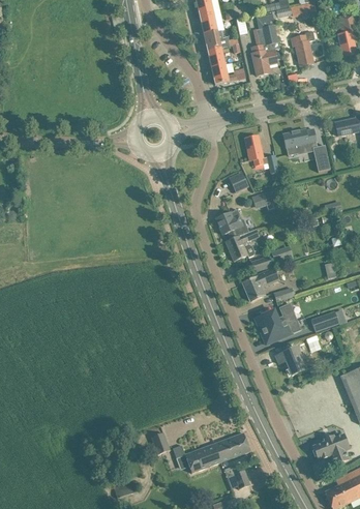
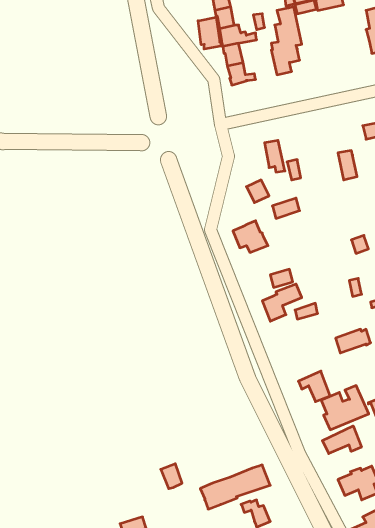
building: none -> [198,17,221,49]
building: [291,31,314,65] -> none
building: [282,128,317,155] -> none
building: [226,229,260,261] -> none
building: [258,303,301,343] -> [321,386,369,430]
building: none -> [322,426,361,454]

